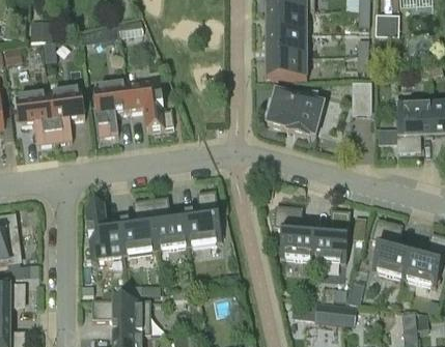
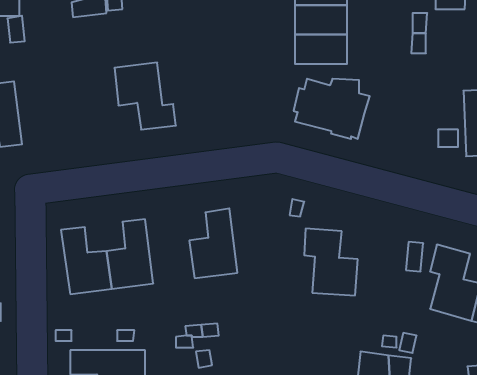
building: [93,82,130,136] -> none
building: [353,82,370,112] -> none
building: [49,88,85,141] -> none
building: [150,197,189,249] -> none
building: [313,210,351,261] -> none

